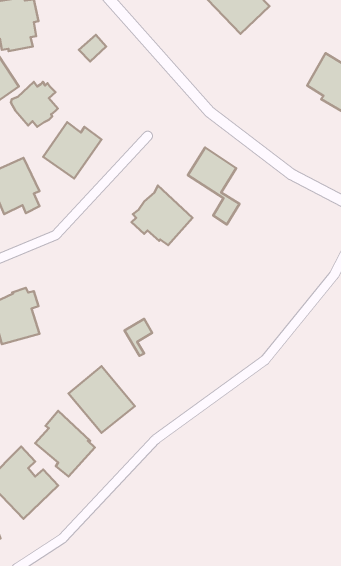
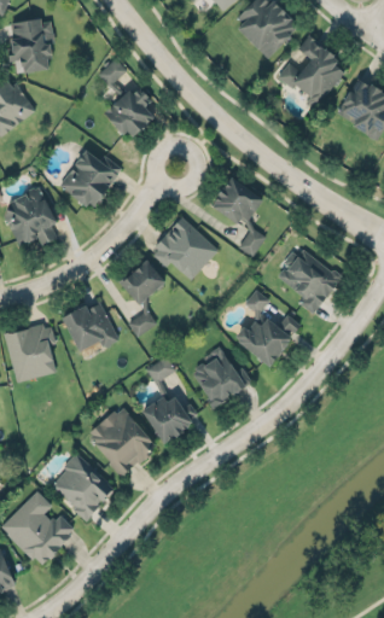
building: none -> [277,37,345,105]
building: [11,82,58,127] -> [104,91,153,138]
building: none -> [275,246,341,314]
building: none -> [116,257,167,338]
building: none -> [235,290,299,366]
building: none -> [62,301,118,351]
building: none -> [192,346,251,409]
building: none -> [141,392,198,442]

